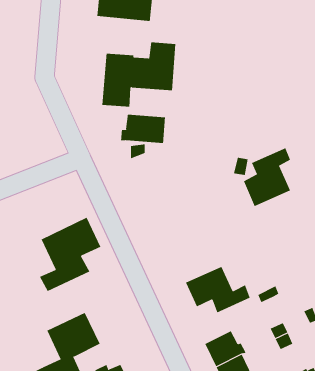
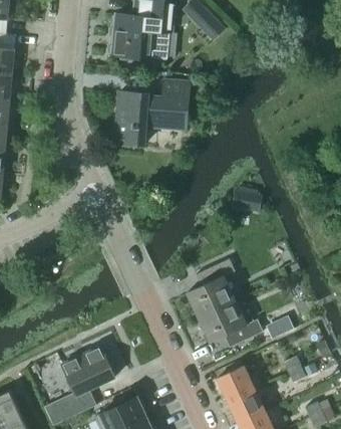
building: [120,114,166,144] -> none
building: [243,148,291,207] -> [188,259,235,317]
building: [39,217,101,292] -> none

